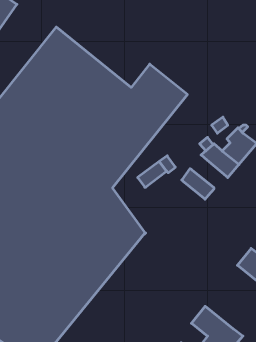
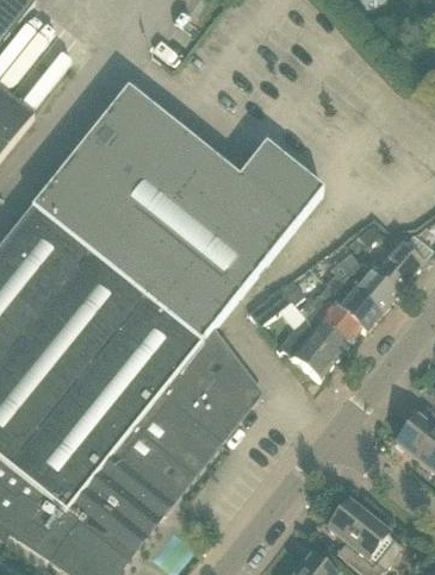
building: none -> [318,270,381,329]
building: none -> [280,304,348,377]

